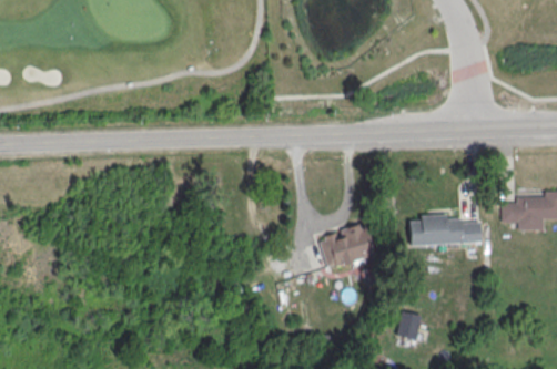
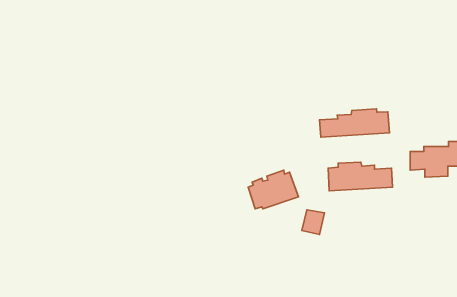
building: none -> [319,109,390,137]
building: [396,311,422,339] -> [302,210,325,235]

